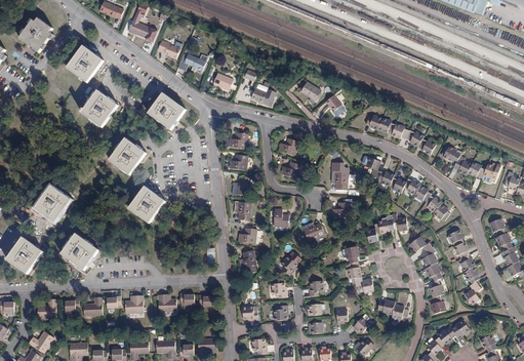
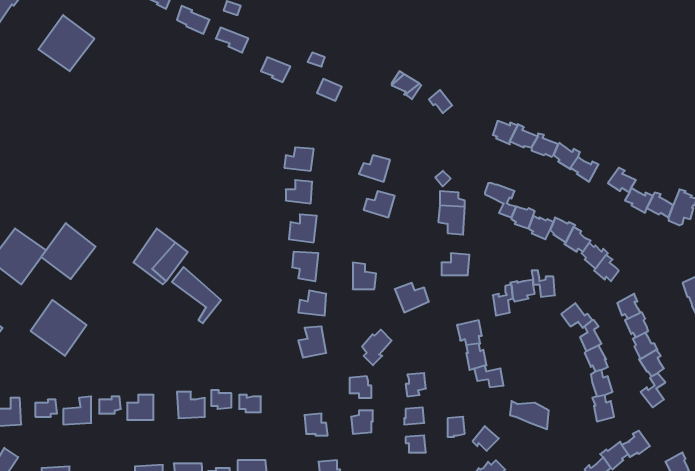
building: [82,90,118,127] -> none
building: [148,92,186,129] -> none
building: [110,137,146,174] -> [41,223,96,279]
building: none -> [172,267,221,323]

